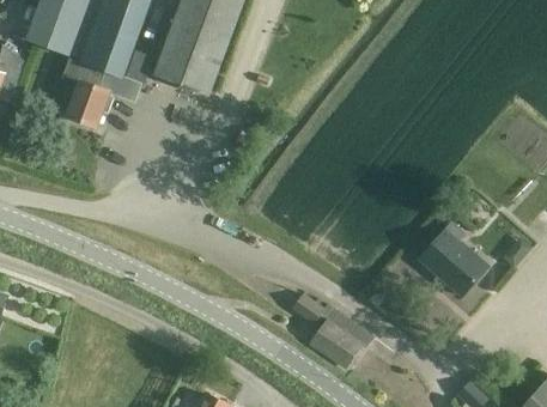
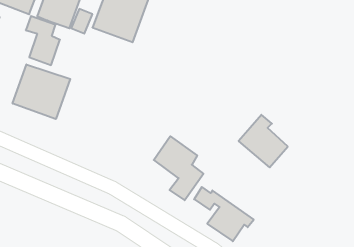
building: none -> [13,64,70,119]
building: [420,223,487,294] -> [239,115,288,167]
building: none -> [154,136,203,200]

